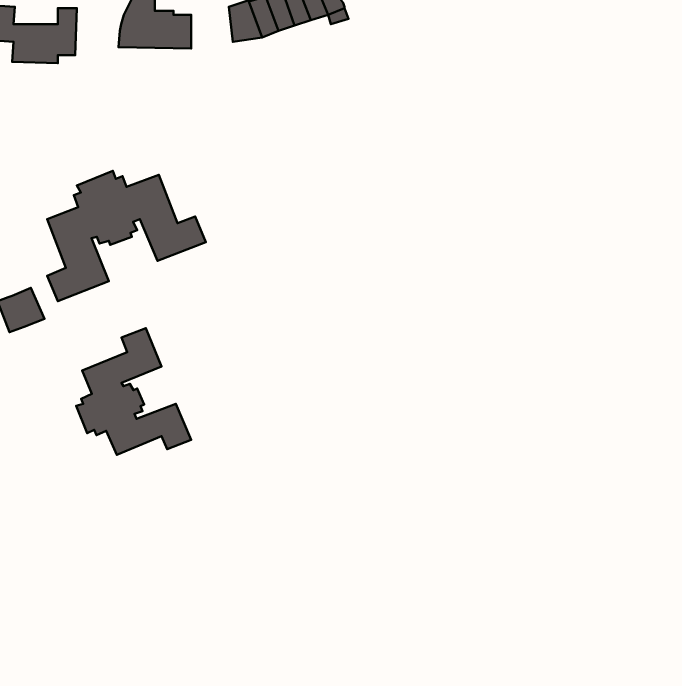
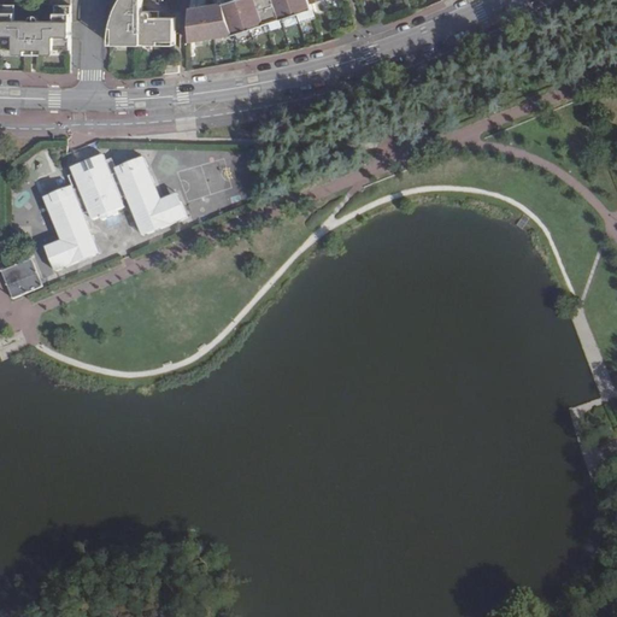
building: none -> [186,6,208,42]
building: [76,328,191,455] -> none

